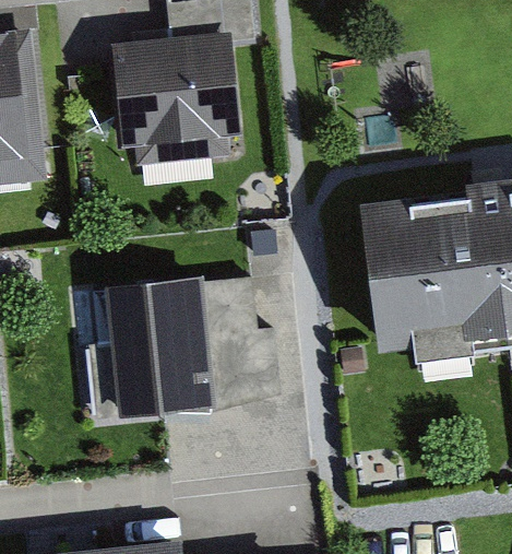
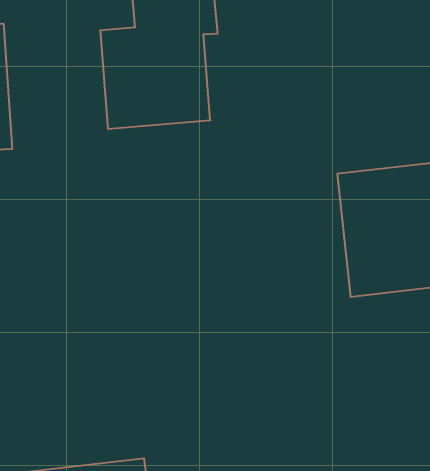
building: [105,284,275,427] -> none

